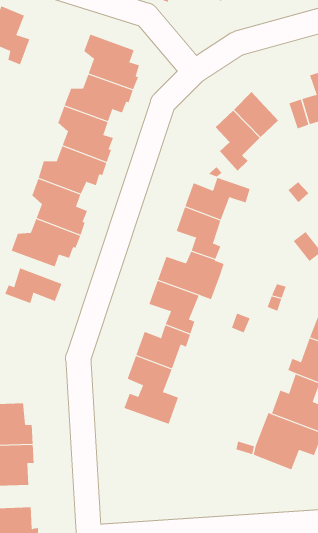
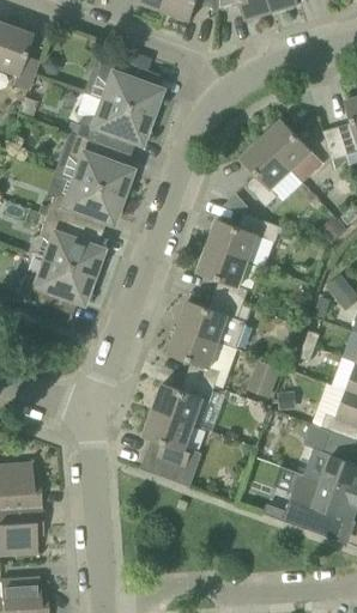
building: [4,268,62,304] -> none

